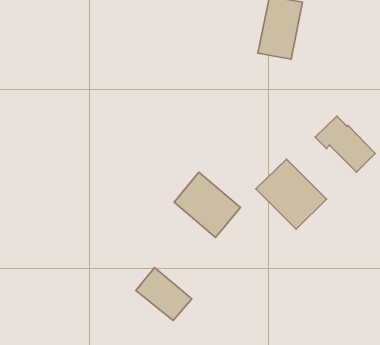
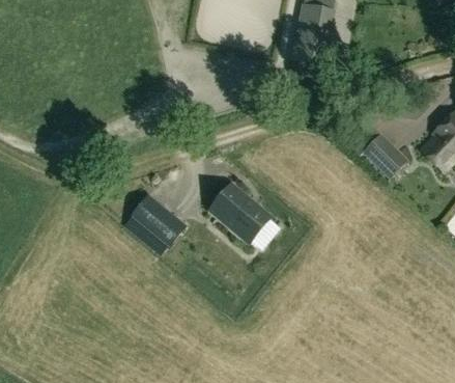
building: [256,159,327,229] -> none
building: [136,268,192,320] -> [130,194,186,247]

